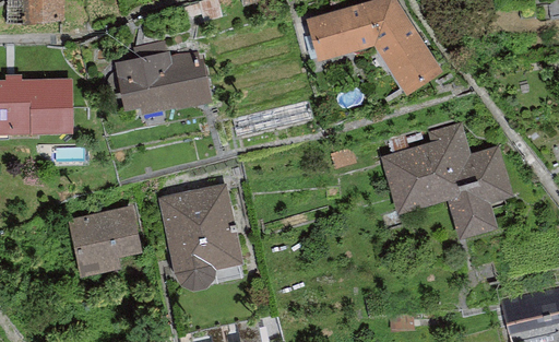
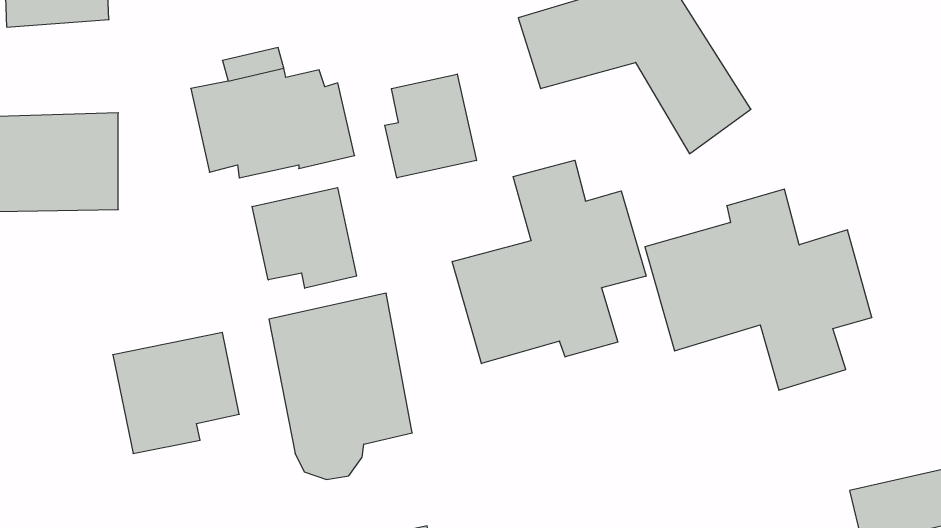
building: none -> [385,74,476,178]
building: none -> [452,160,646,364]
building: none -> [252,188,357,288]

